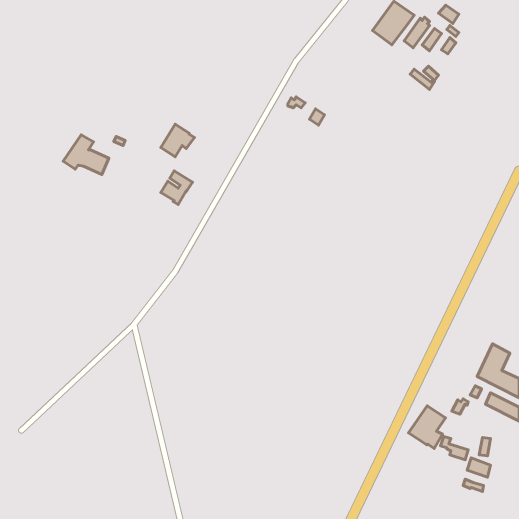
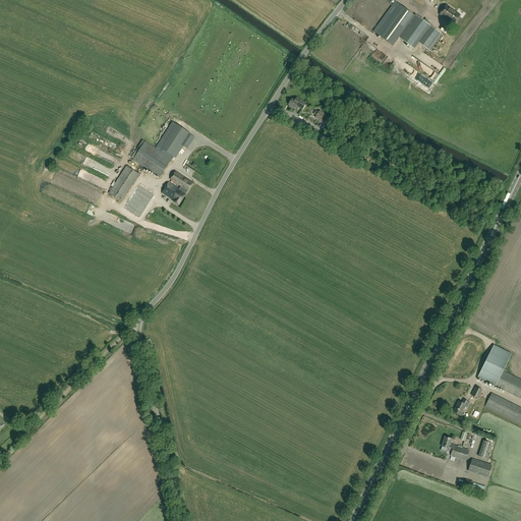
building: [63,135,109,174] -> [108,166,154,206]
building: none -> [132,140,171,176]
building: [409,406,445,449] -> none

